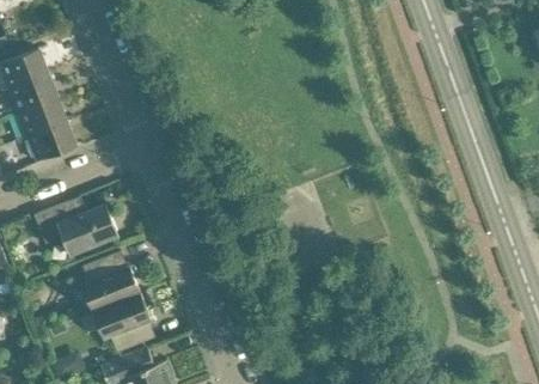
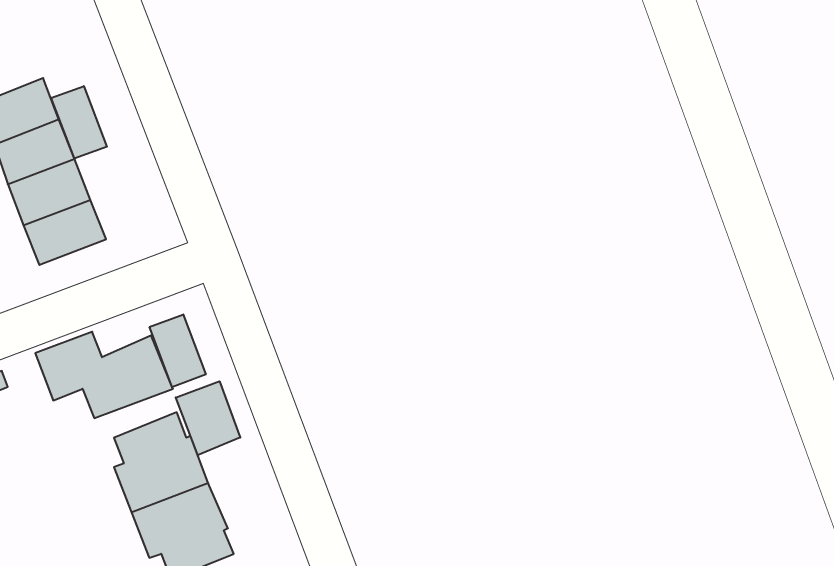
building: none -> [51,86,107,158]
building: none -> [150,314,206,387]
building: none -> [176,381,240,455]

